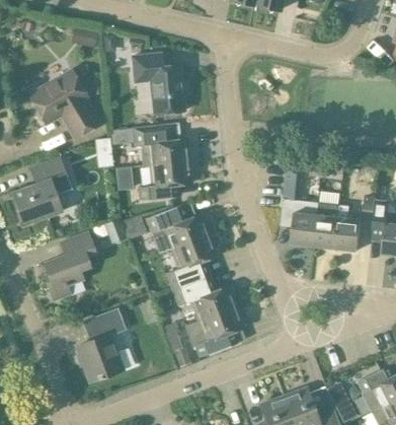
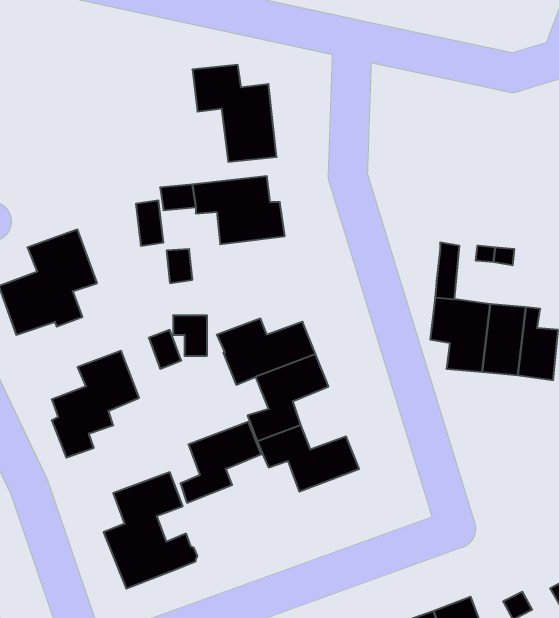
building: [28,69,100,138] -> none
building: [141,160,191,199] -> none
building: [193,306,244,357] -> [180,422,261,503]

